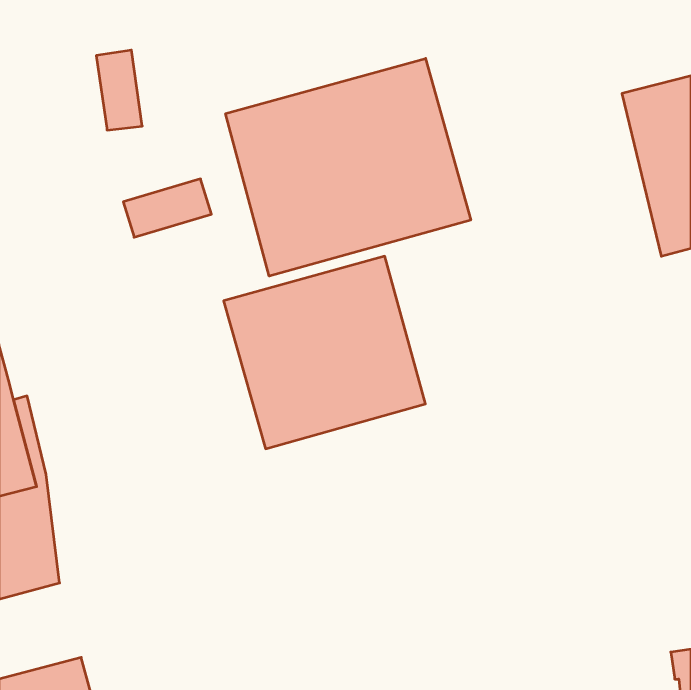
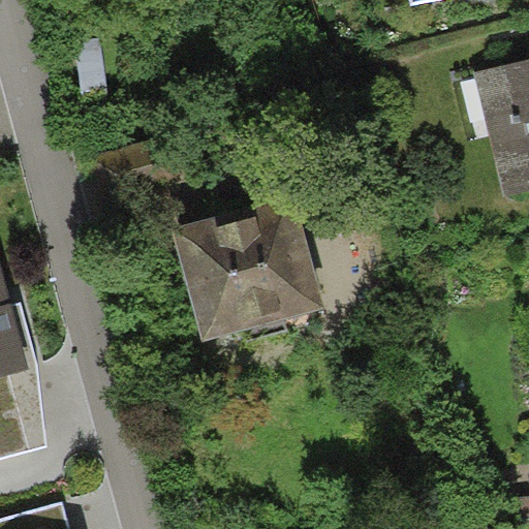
building: [226,58,471,276] -> none

